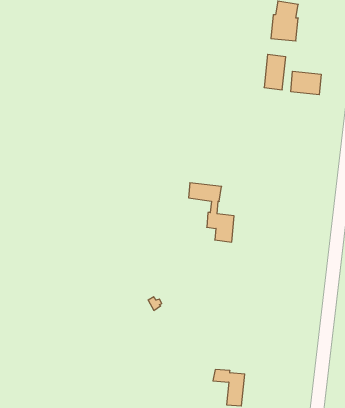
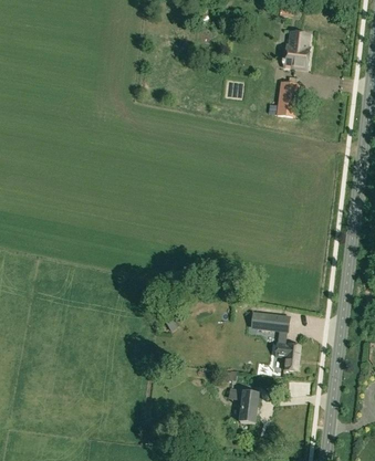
building: [291,71,321,95] -> none
building: [189,183,234,242] -> [256,312,300,369]

